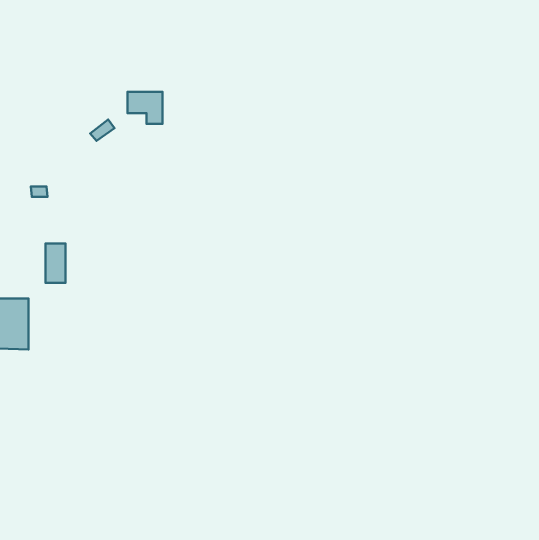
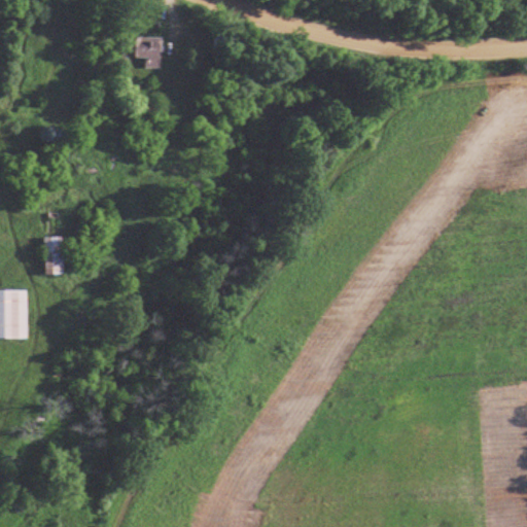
building: [128,92,162,124] -> [131,36,165,67]

